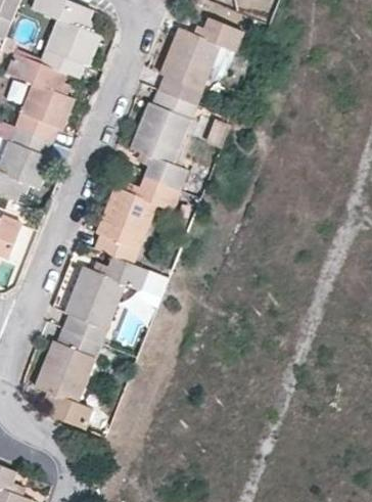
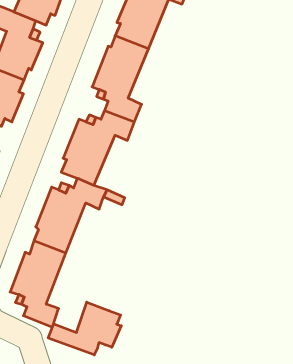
building: none -> [48,302,121,355]

